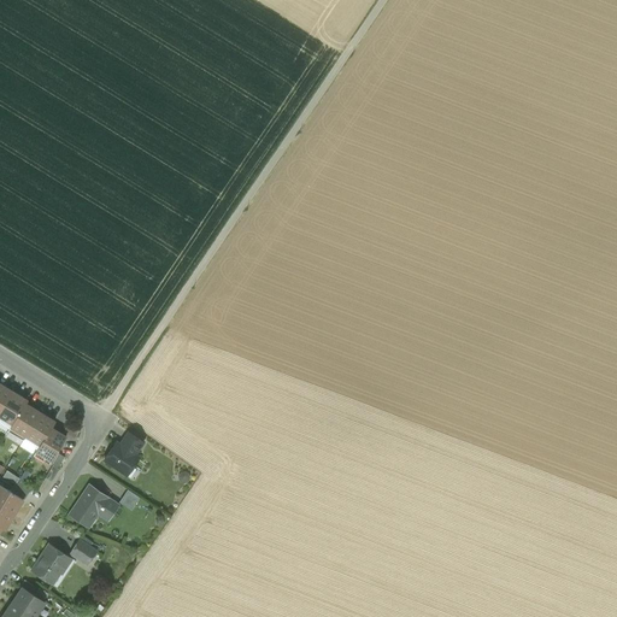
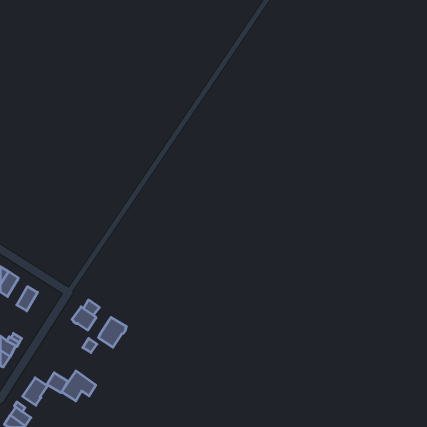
building: [8,404,40,440] -> none
building: [35,428,66,463] -> none
building: none -> [99,317,126,347]
building: [69,484,118,528] -> [62,371,96,401]

